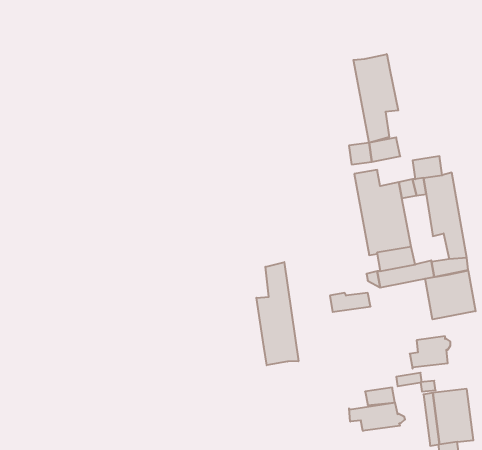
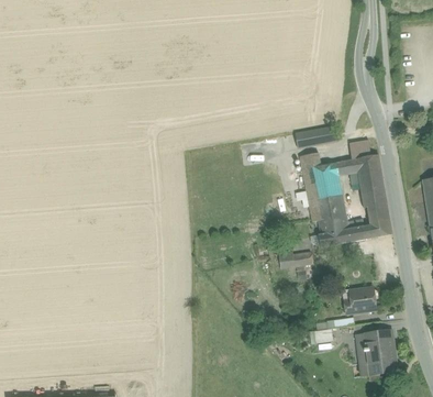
building: [353,54,398,143] -> none
building: [256,262,298,365] -> none
building: [425,270,476,319] -> none
building: [349,402,405,431] -> none

